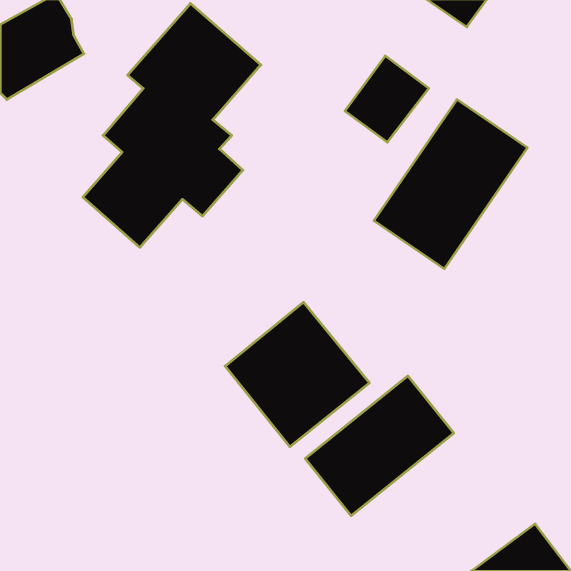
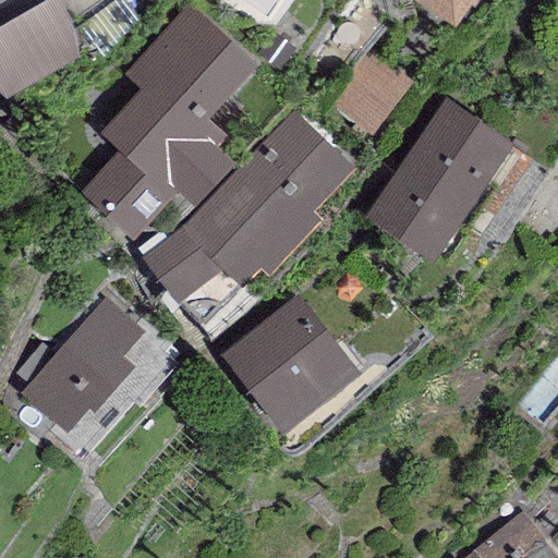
building: none -> [143,109,355,306]
building: none -> [20,296,143,434]
building: [305,376,454,516] -> none

